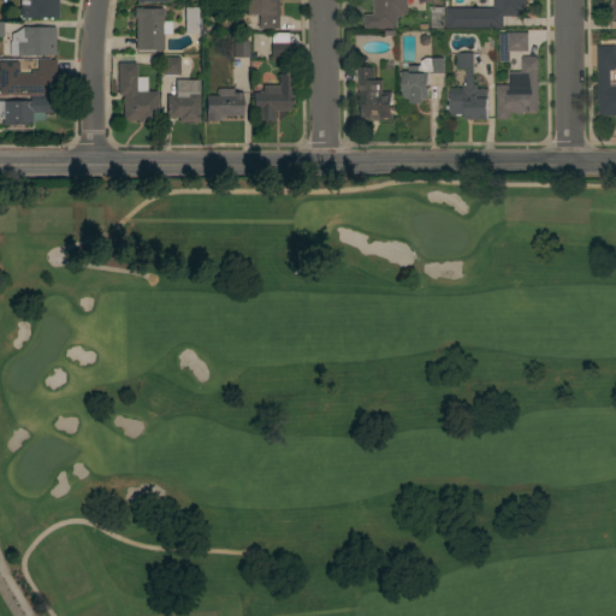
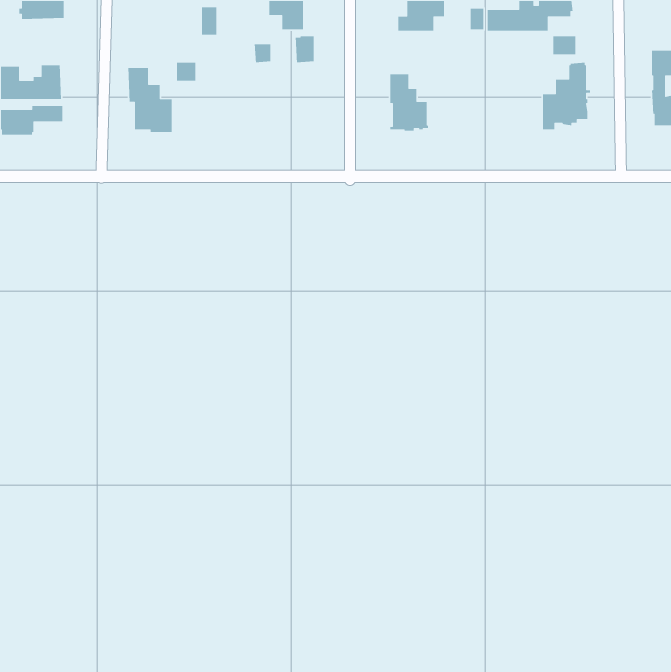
building: [135,7,172,49] -> none
building: [10,25,57,55] -> none
building: [450,53,487,120] -> none
building: [402,58,444,103] -> none
building: [254,72,295,120] -> none
building: [167,79,201,122] -> none
building: [207,88,243,120] -> none

